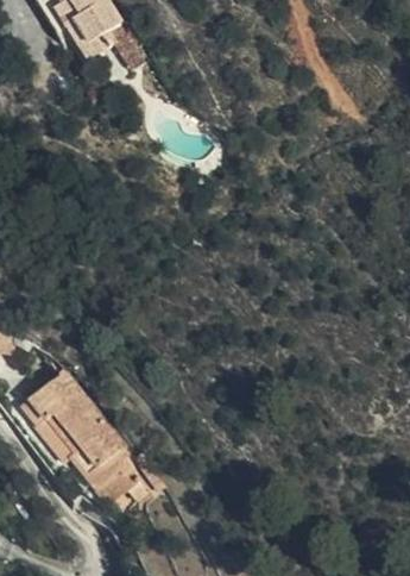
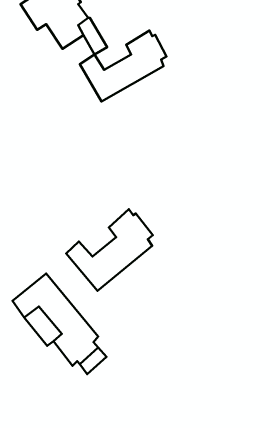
building: none -> [80,30,166,102]
building: none -> [66,209,153,291]

